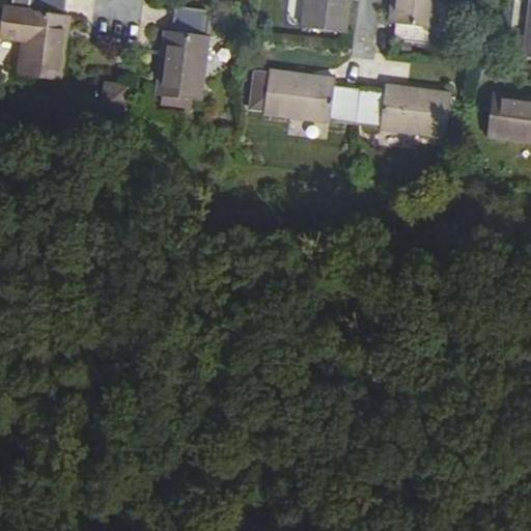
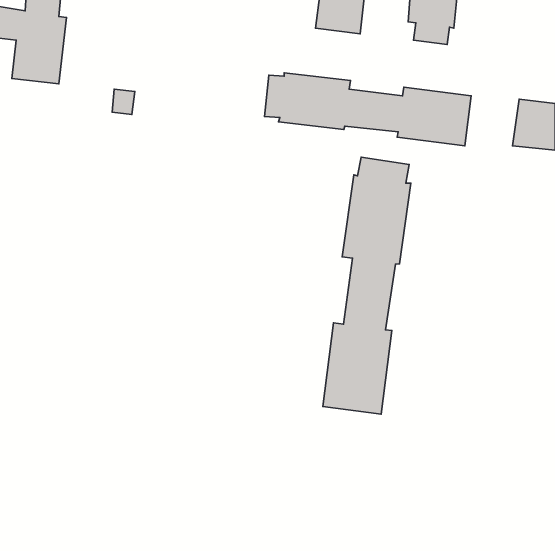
building: [159,6,207,101] -> none
building: none -> [323,157,411,414]

